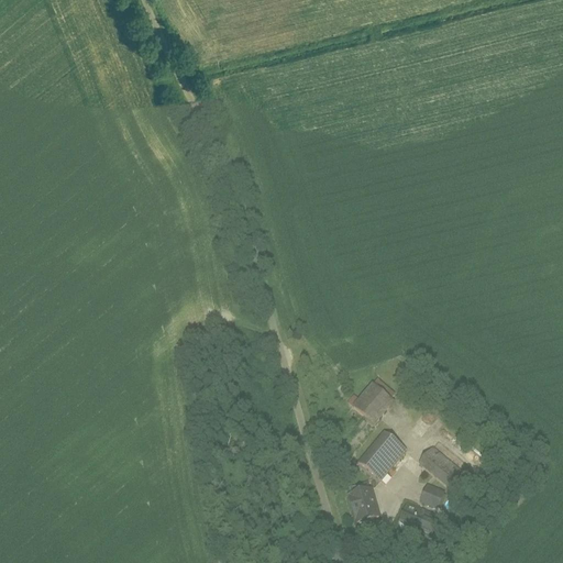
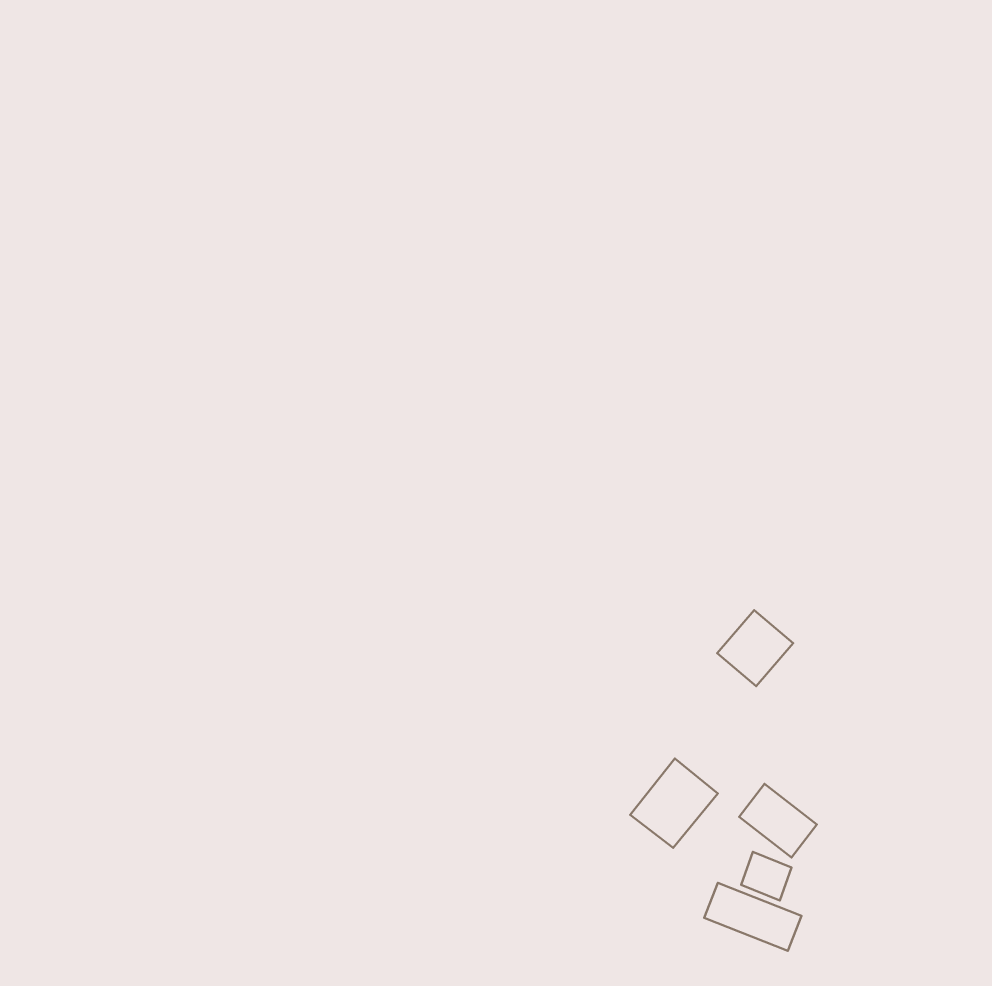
building: [352,379,395,422] -> [717,610,793,686]
building: [350,485,380,521] -> none

